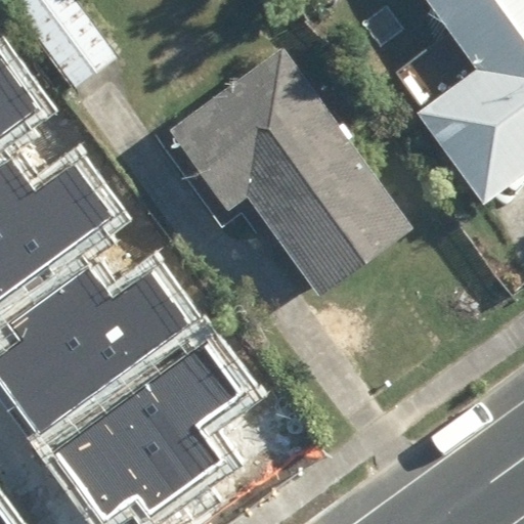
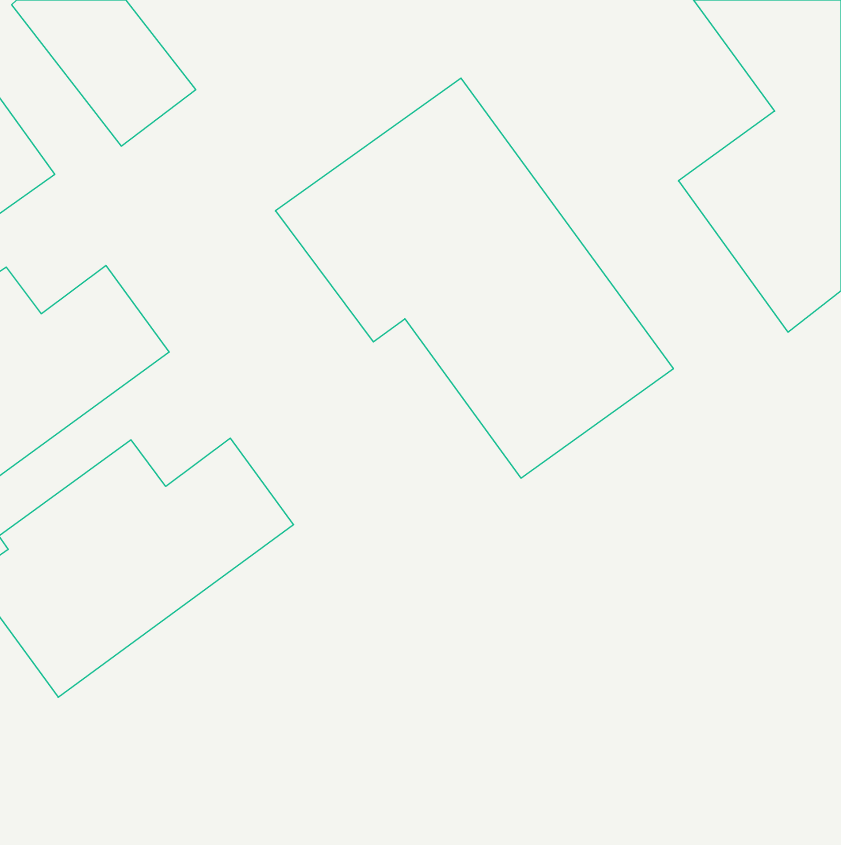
building: [60,339,245,519] -> none

